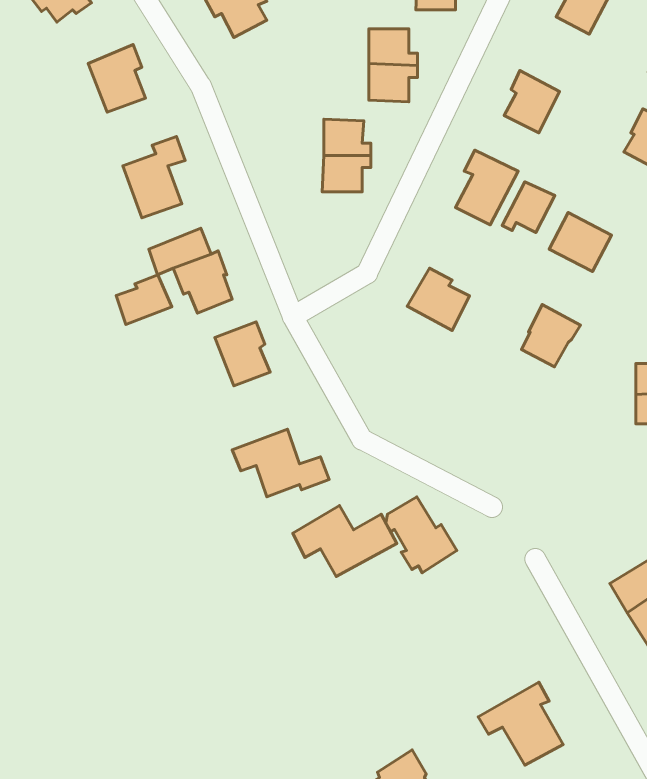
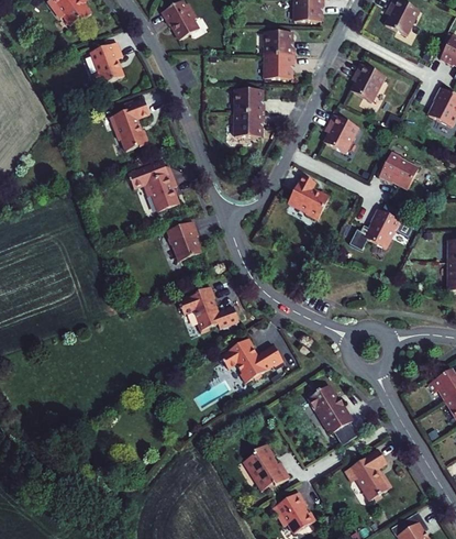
building: [502,182,555,233] -> none
building: [116,275,172,324] -> none
building: [386,497,457,573] -> [301,384,346,432]
building: none -> [243,435,285,490]

